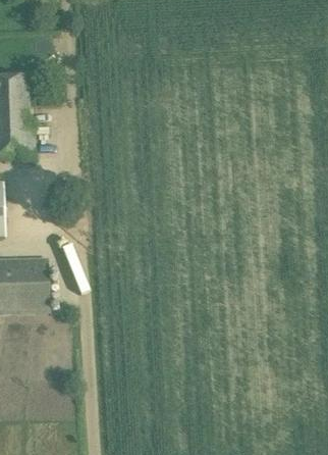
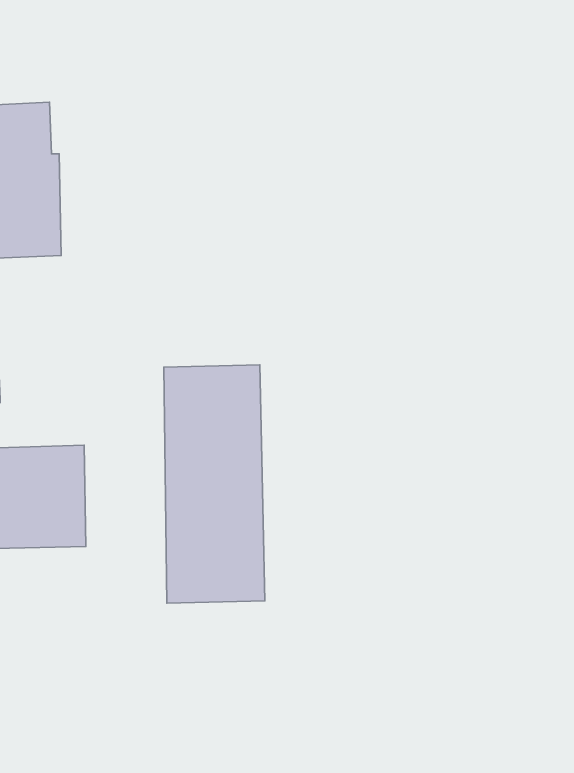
building: none -> [164,365,265,603]

